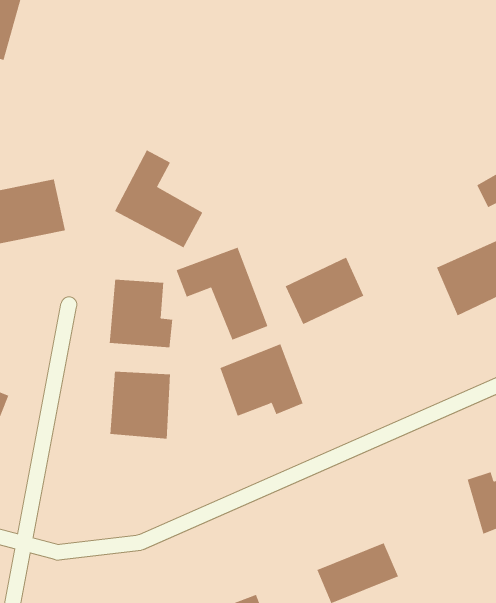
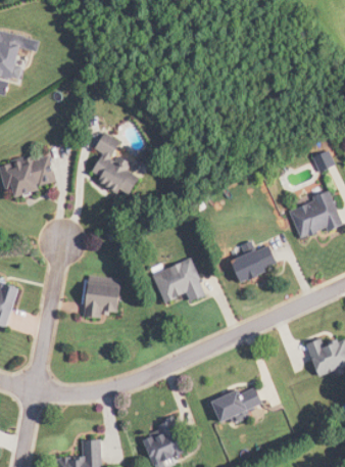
building: [176,247,268,340] -> none
building: [285,257,364,325] -> [229,241,279,284]
building: [109,279,173,348] -> none

